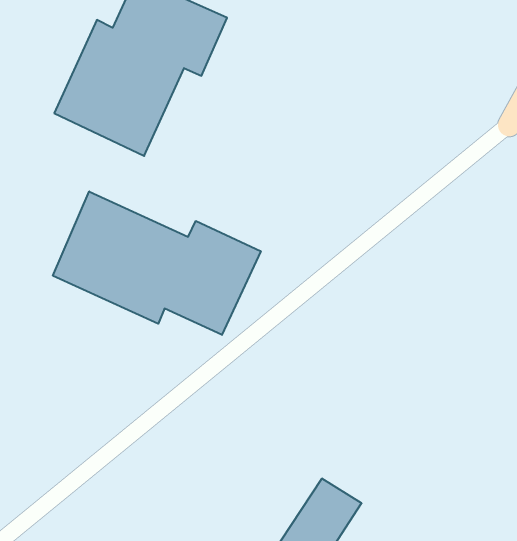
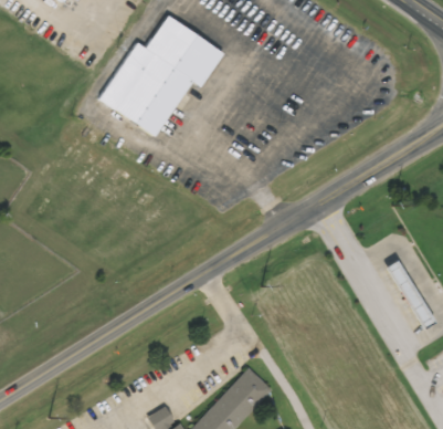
building: [53,191,261,335] -> none

